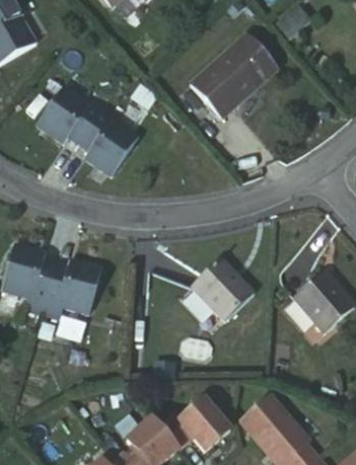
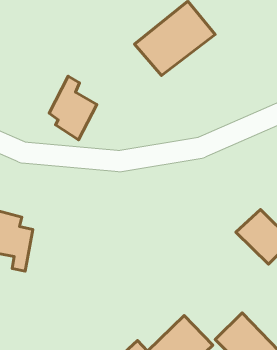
building: [42,96,111,151] -> none
building: [187,249,251,312] -> none
building: [50,268,104,326] -> none

